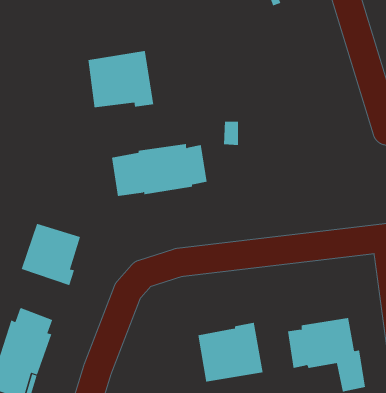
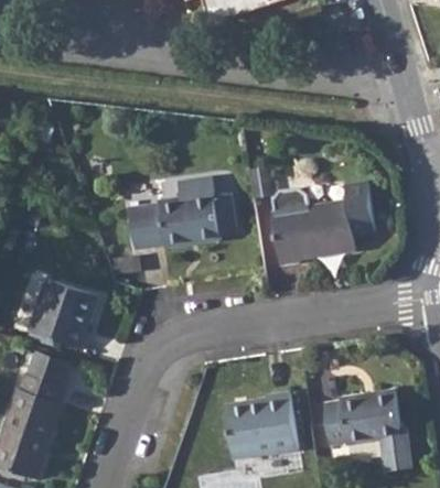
building: [88,50,154,108] -> none
building: none -> [271,183,375,264]
building: none -> [25,351,69,389]

